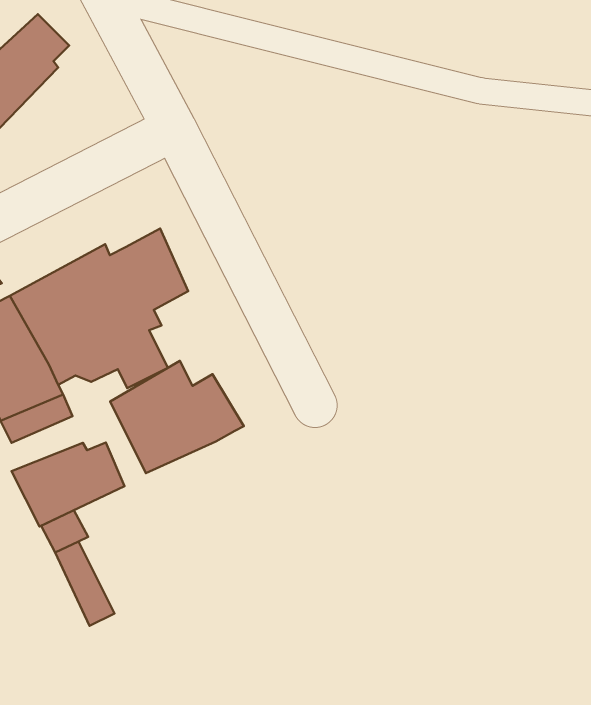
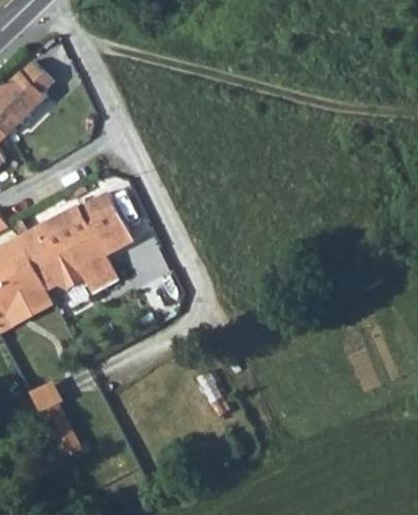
building: [110,361,244,473] -> none
building: [11,442,125,526] -> none

